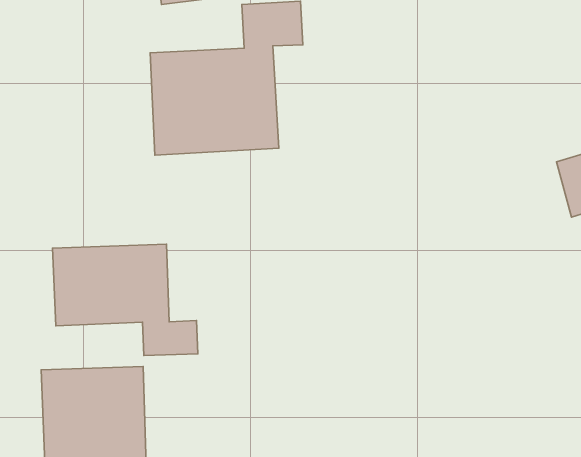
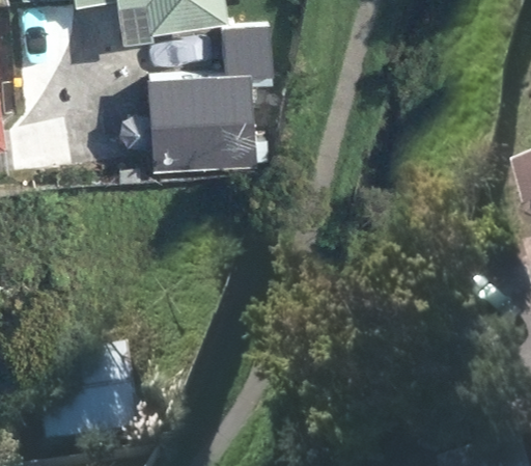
building: [52,244,198,355] -> none

